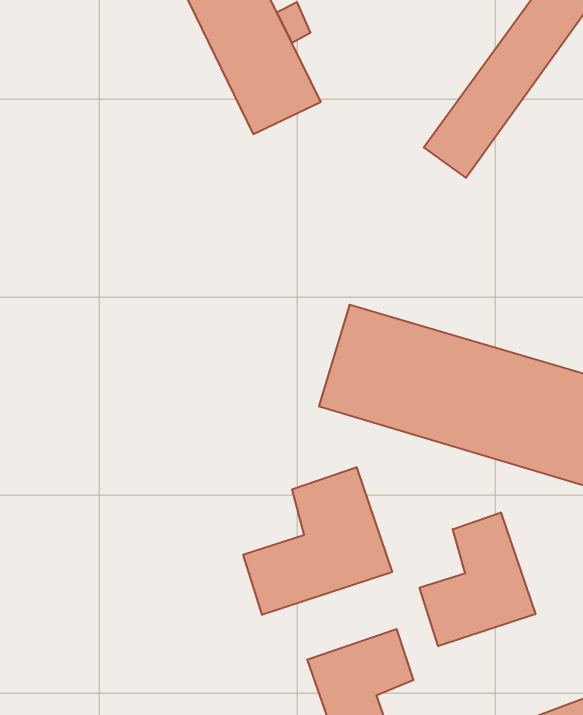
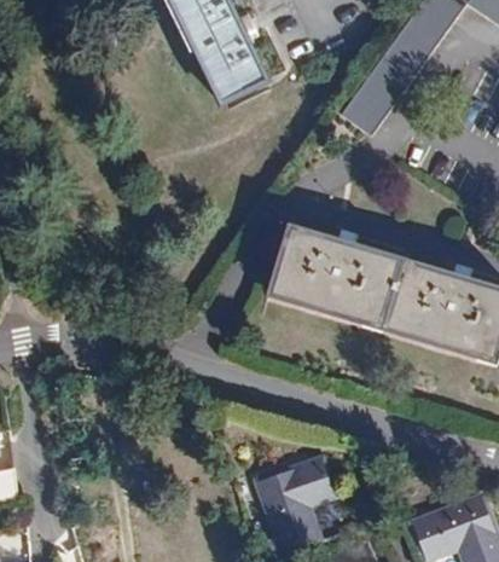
building: [243,467,392,615] -> none
building: [420,512,535,646] -> none

